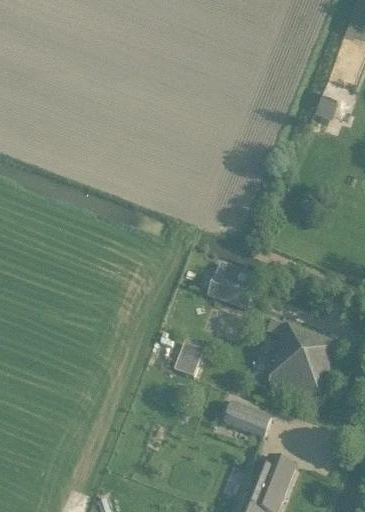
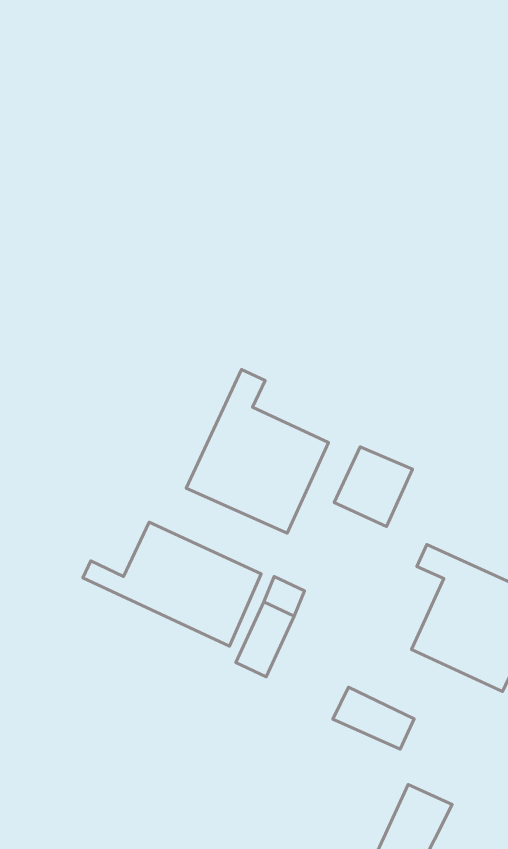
building: none -> [186,370,329,533]
building: none -> [83,522,261,646]

